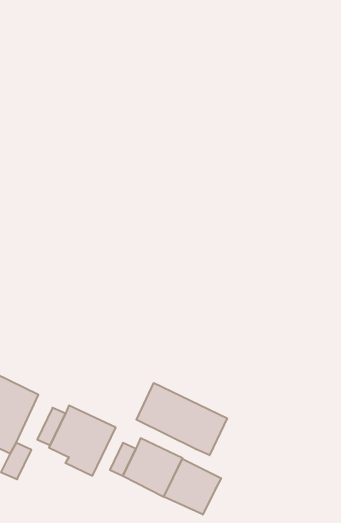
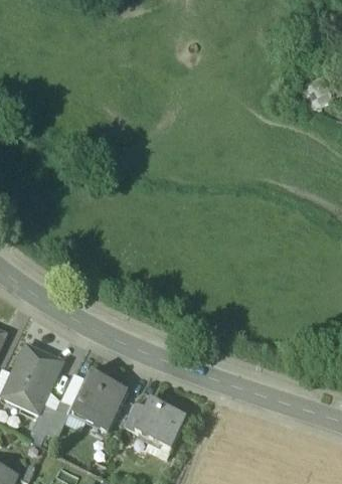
building: [136,383,227,455] -> none
building: [164,459,221,515] -> none

